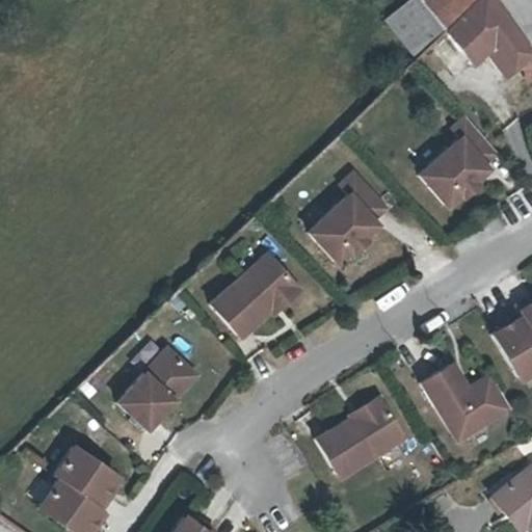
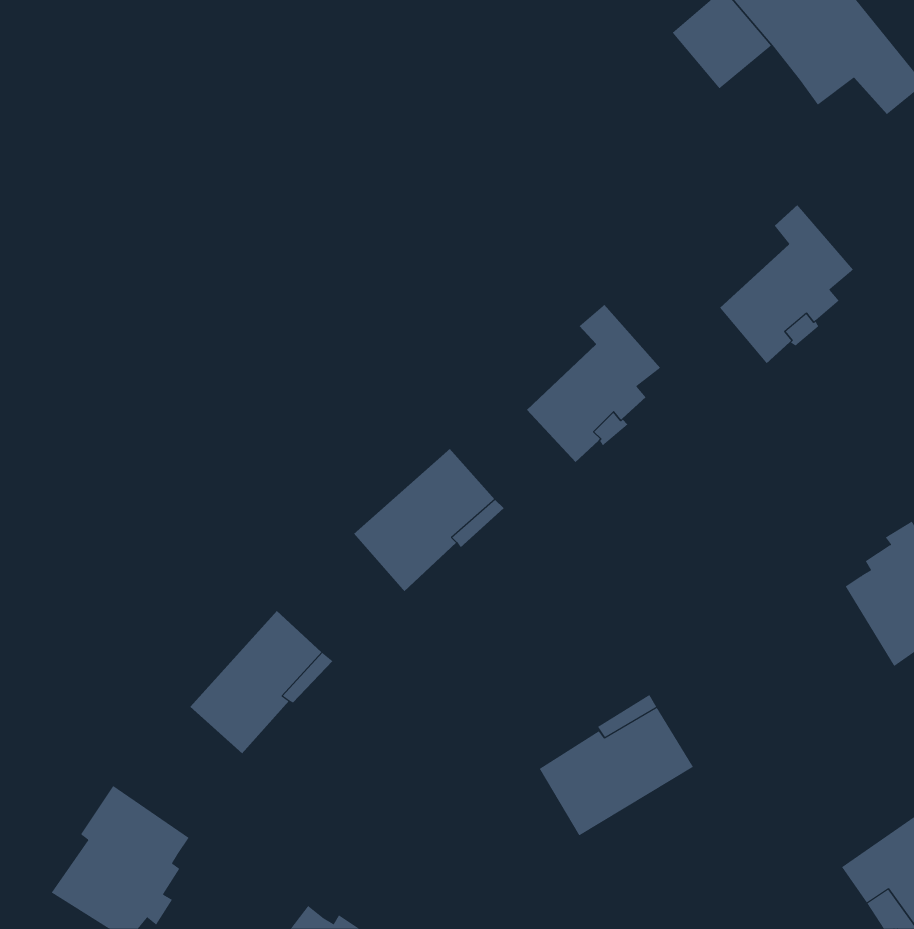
building: [421,364,509,440] -> none

